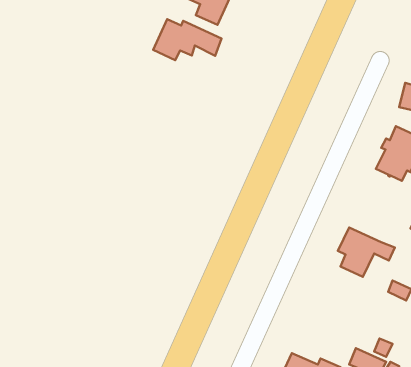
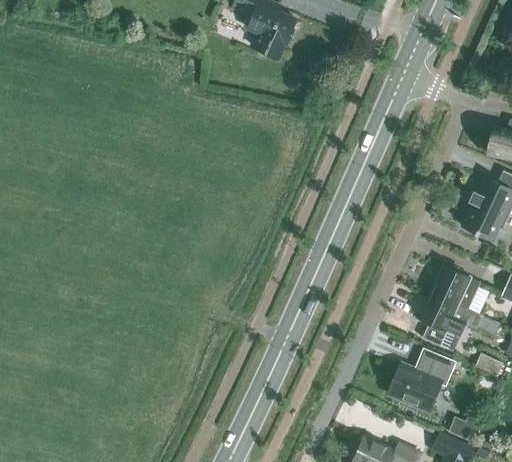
building: [153,19,221,60] -> none
building: none -> [432,265,481,310]
building: none -> [388,347,454,408]

